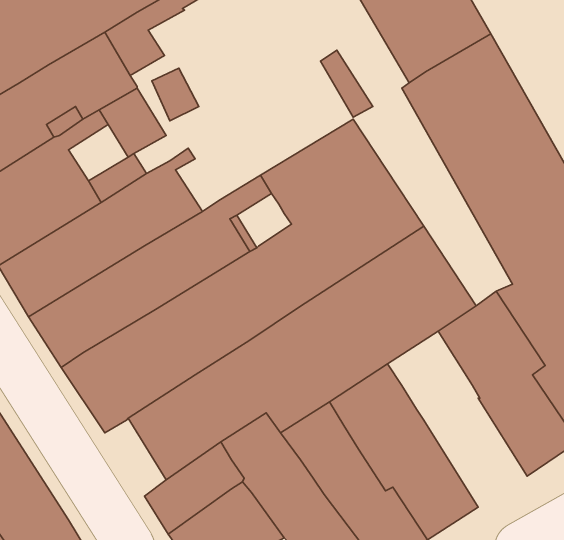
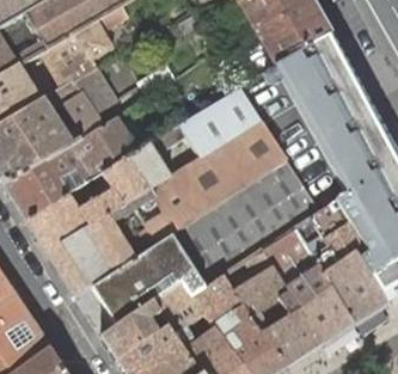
building: none -> [262,228,354,344]

